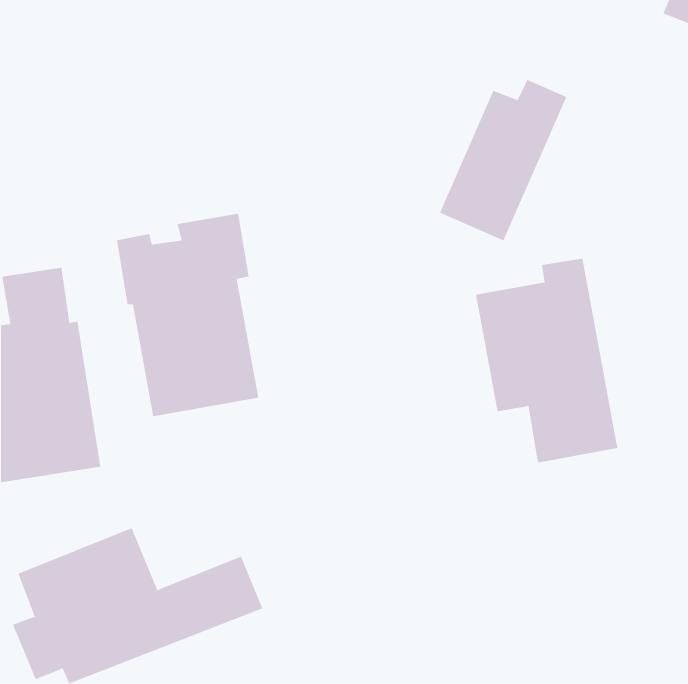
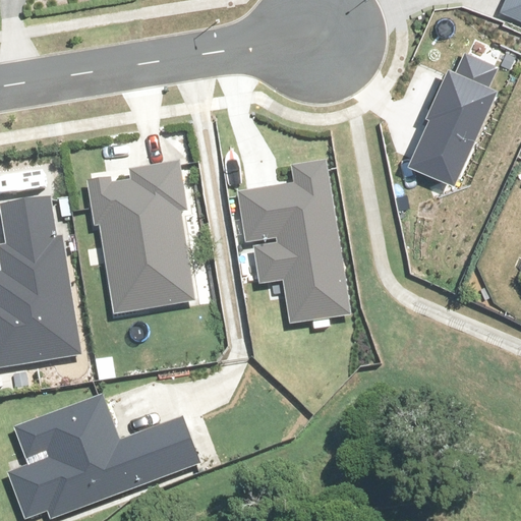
building: [439,79,567,241] -> [403,56,500,178]
building: [475,258,618,463] -> [243,168,351,323]

